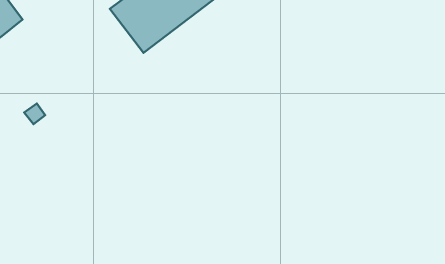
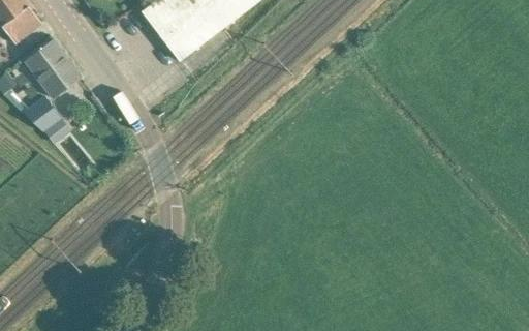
building: none -> [25,40,81,98]
building: none -> [24,96,61,131]

